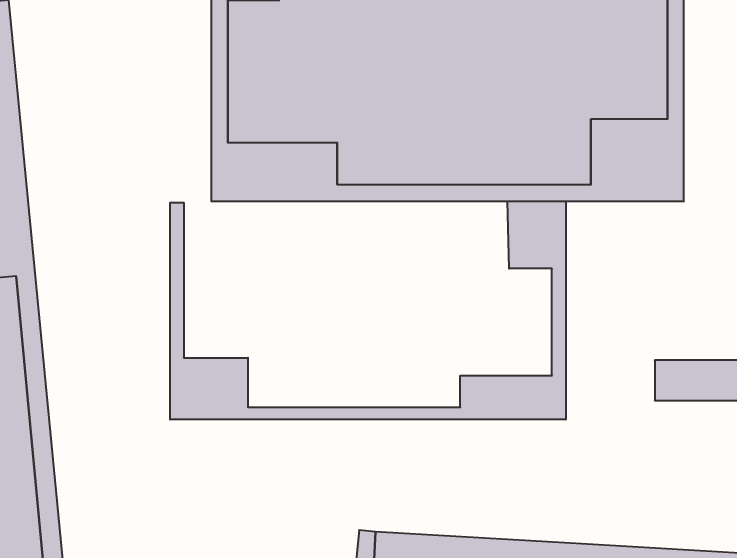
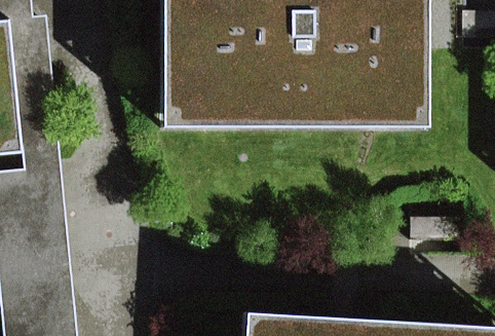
building: [170,201,566,420] -> none

